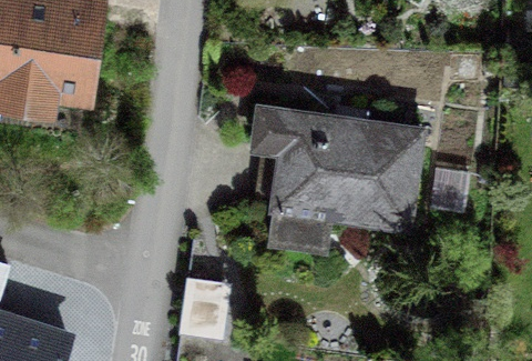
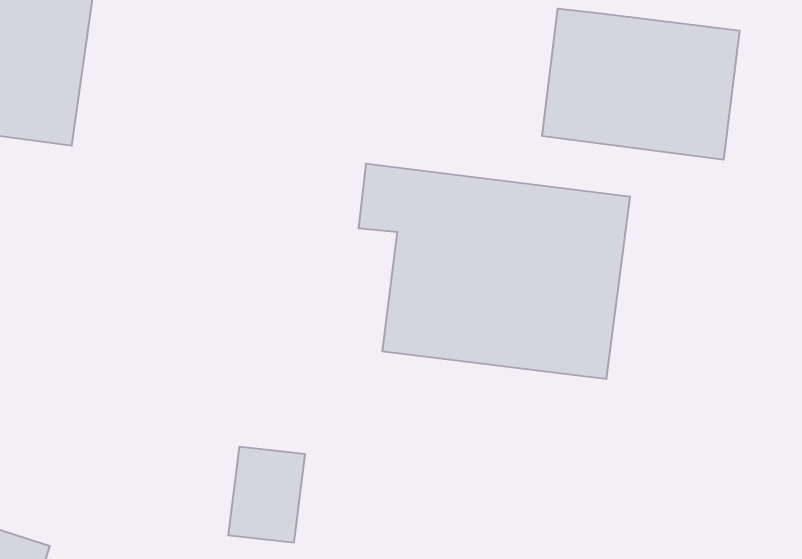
building: none -> [542,8,740,160]

